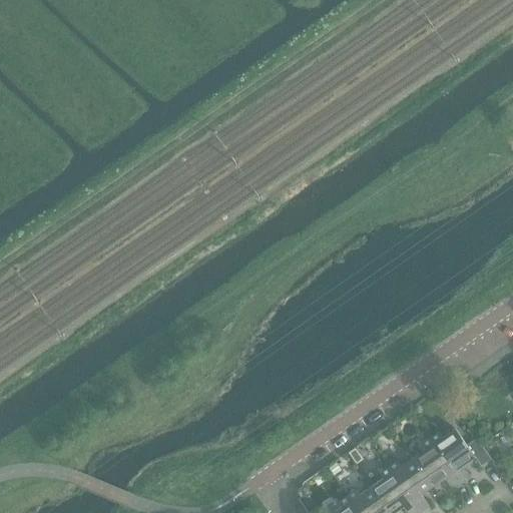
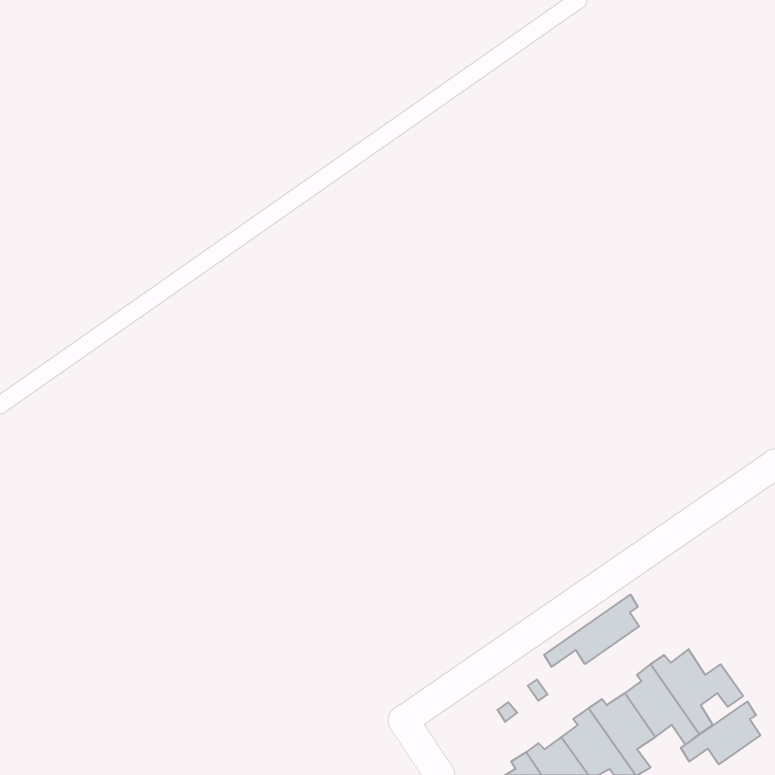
building: none -> [544,595,639,667]
building: none -> [681,702,760,764]

